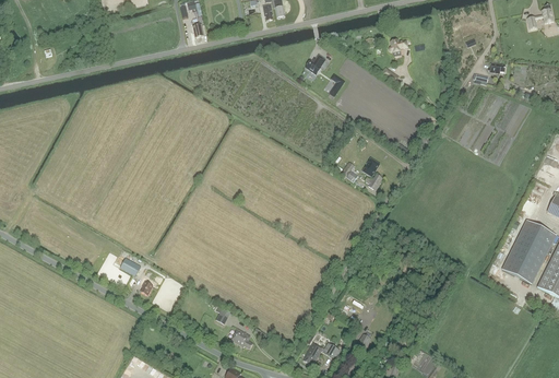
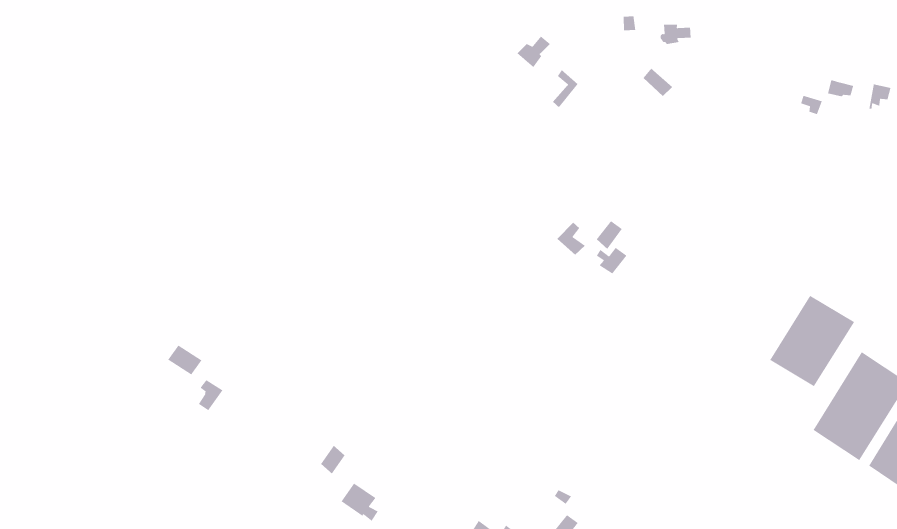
building: none -> [769,295,855,387]

